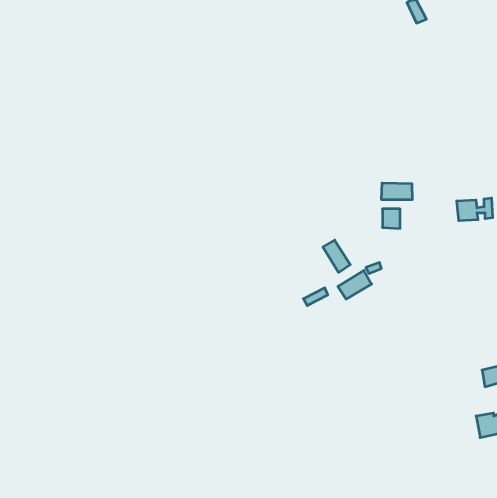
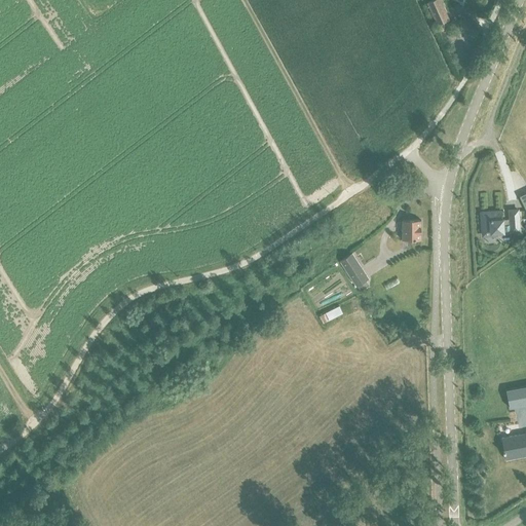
building: [382,183,412,200] -> none
building: [338,270,372,299] -> none

